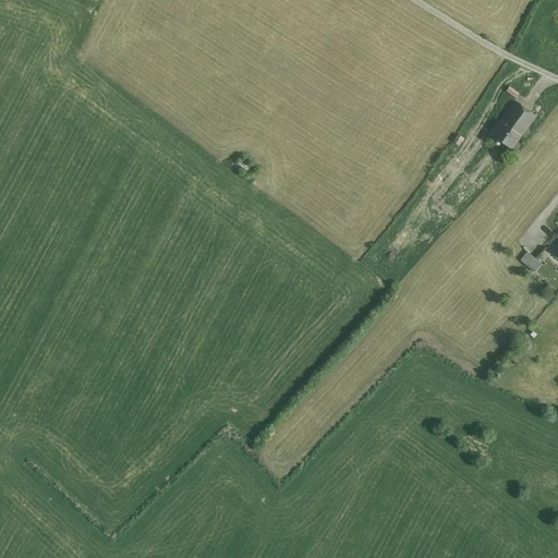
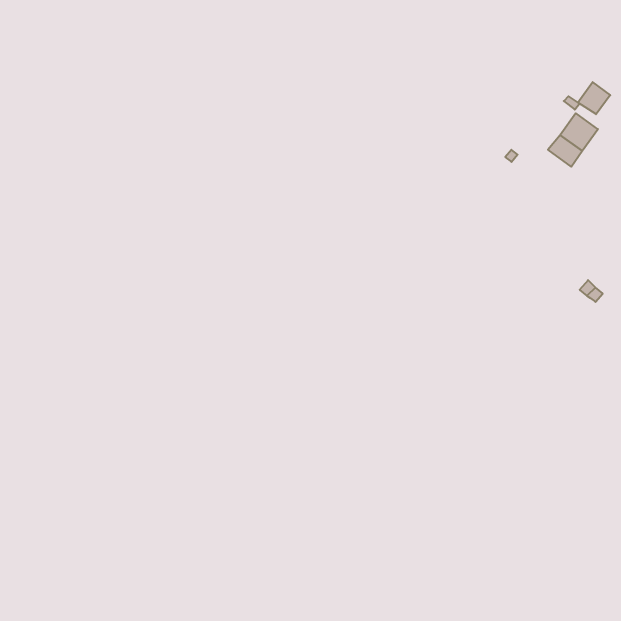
building: none -> [578,82,610,114]

